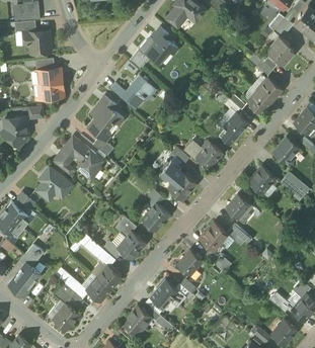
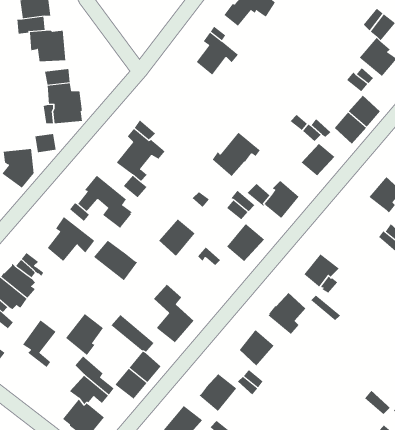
building: [120,76,156,109] -> [212,132,262,177]
building: [248,166,275,193] -> none
building: none -> [93,240,138,281]
building: [142,203,169,232] -> [158,218,196,257]
building: [8,267,36,298] -> [65,313,104,356]

